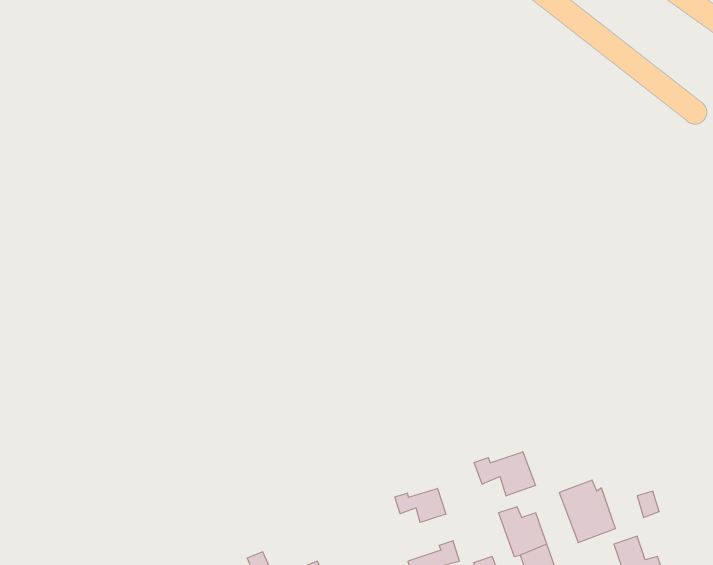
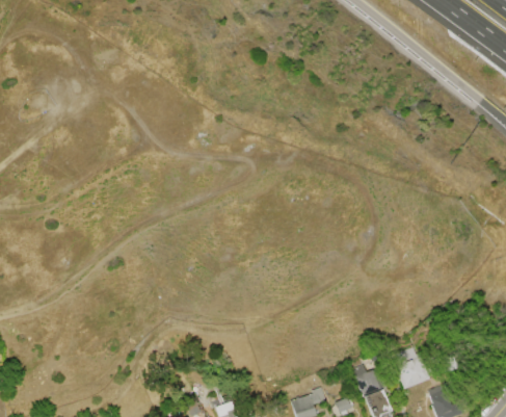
building: [474,452,535,496] -> none
building: [395,488,446,522] -> none

